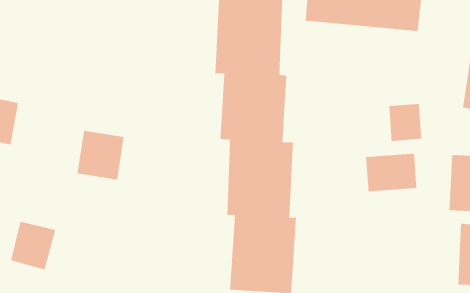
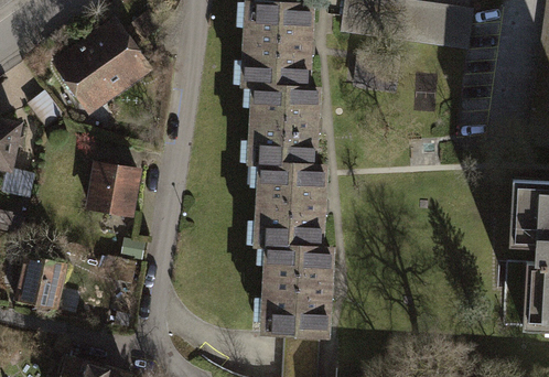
building: none -> [54,24,151,118]
building: [388,103,422,142] -> none
building: [365,153,417,192] -> none

